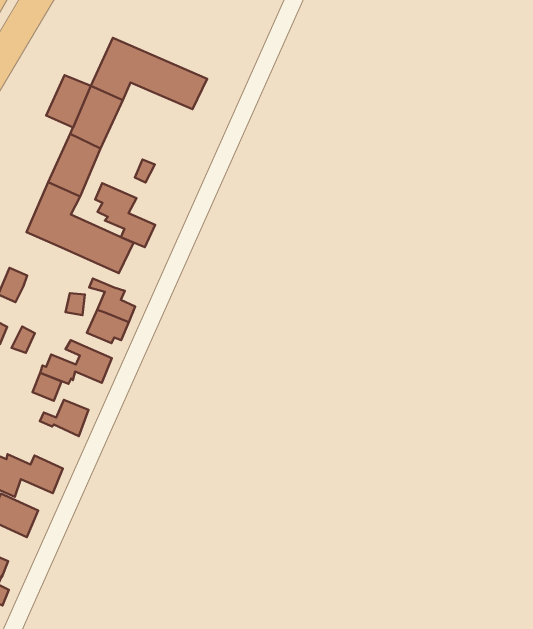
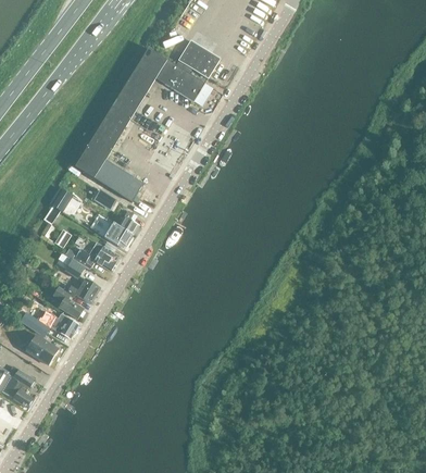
building: none -> [176,40,220,78]
building: [46,75,91,127] -> none
building: [95,183,155,247] -> none
building: none -> [51,286,84,320]

